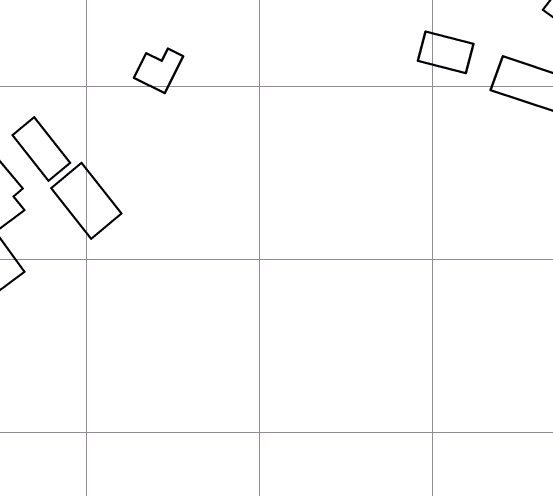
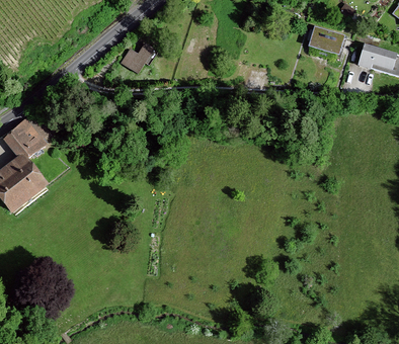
building: [13,117,70,181] -> none
building: [51,163,122,239] -> none

